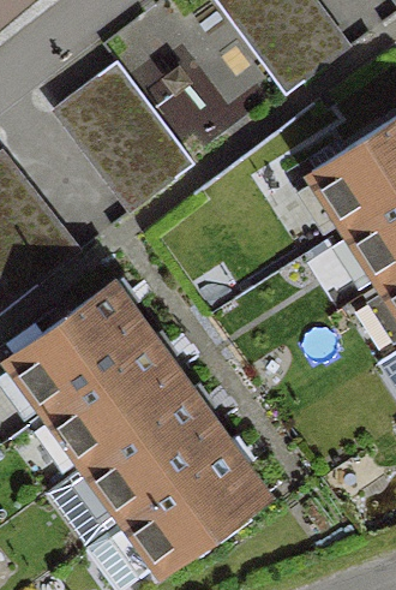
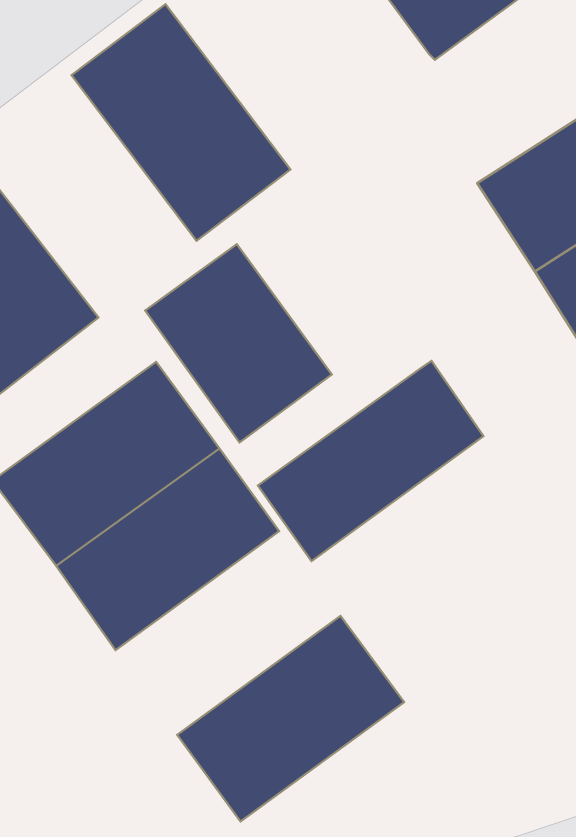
building: none -> [145,244,332,443]
building: none -> [258,361,484,561]
building: [49,389,228,546] -> none

